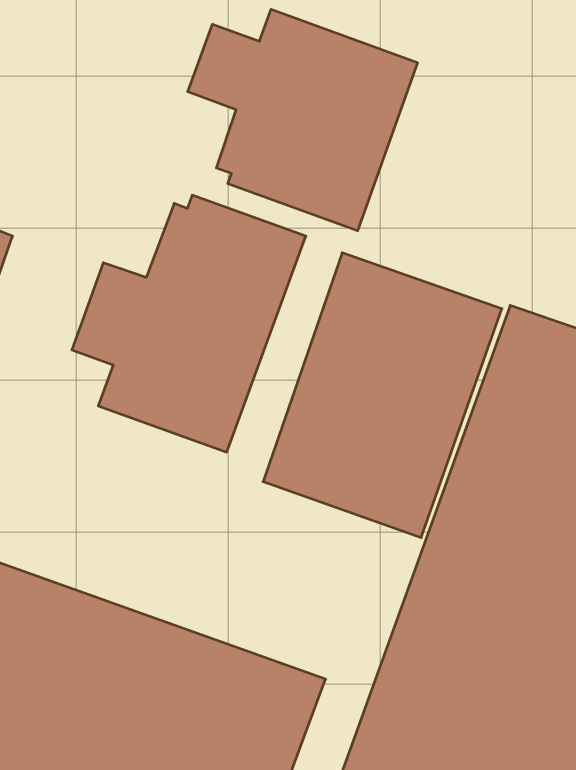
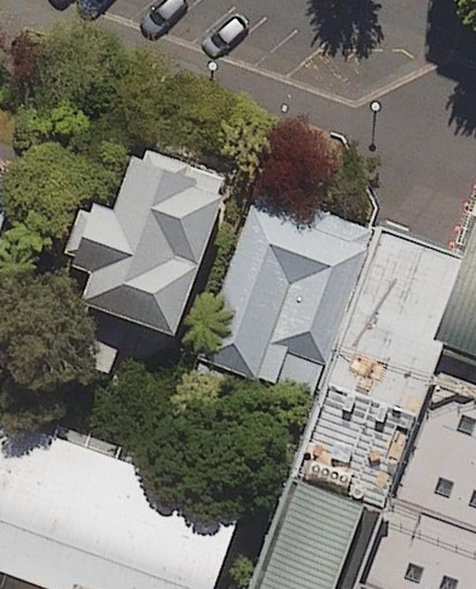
building: [188,9,417,231] -> none

